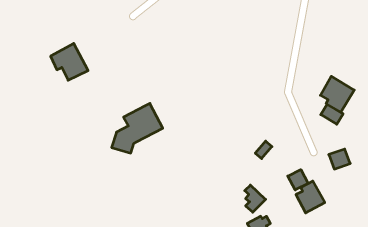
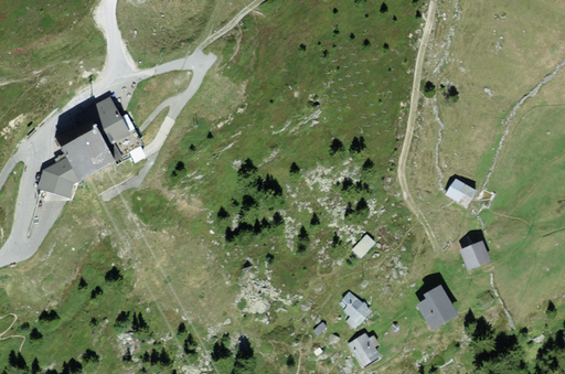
building: [320,76,354,112] -> none
building: [112,103,163,153] -> [40,129,110,197]
building: [288,170,308,190] -> none

